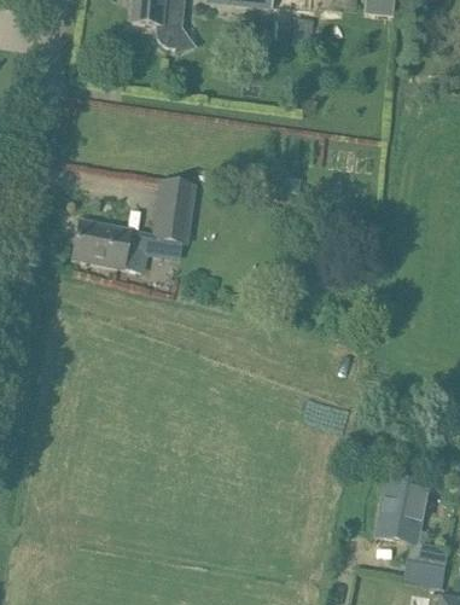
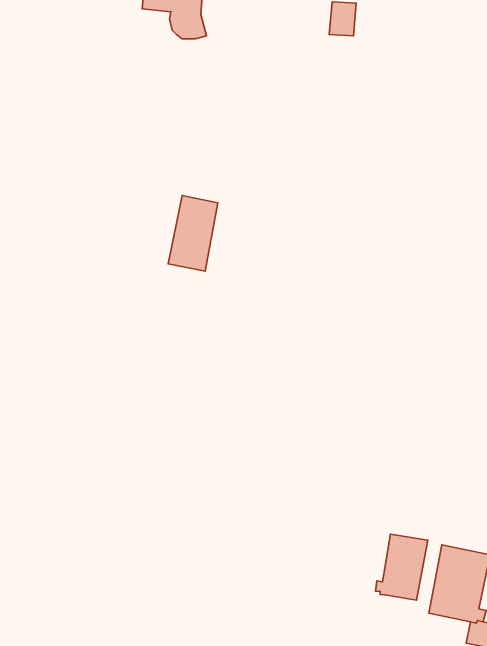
building: [72,221,149,270] -> none
building: none -> [376,534,428,600]

